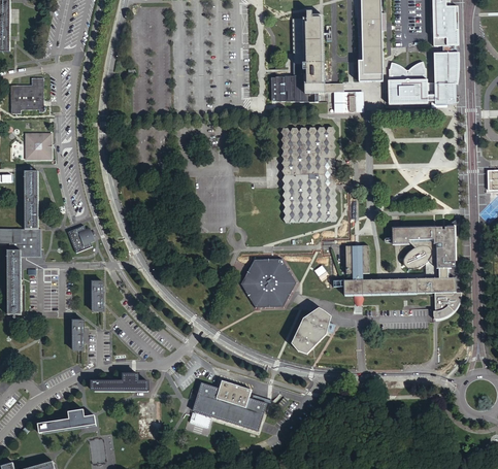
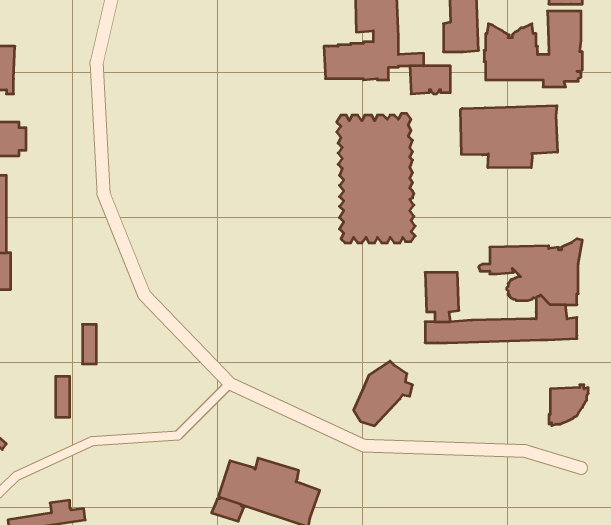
building: none -> [461,106,557,168]
building: [67,224,95,252] -> none
building: [244,259,293,308] -> none
building: [432,290,461,320] -> [549,385,588,426]
building: [92,374,147,390] -> none

